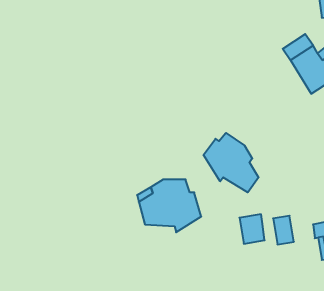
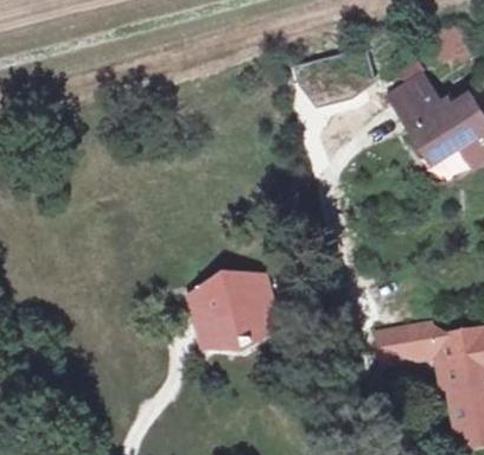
building: [204,133,259,192] -> none
building: [239,214,265,244] -> [400,320,434,360]

